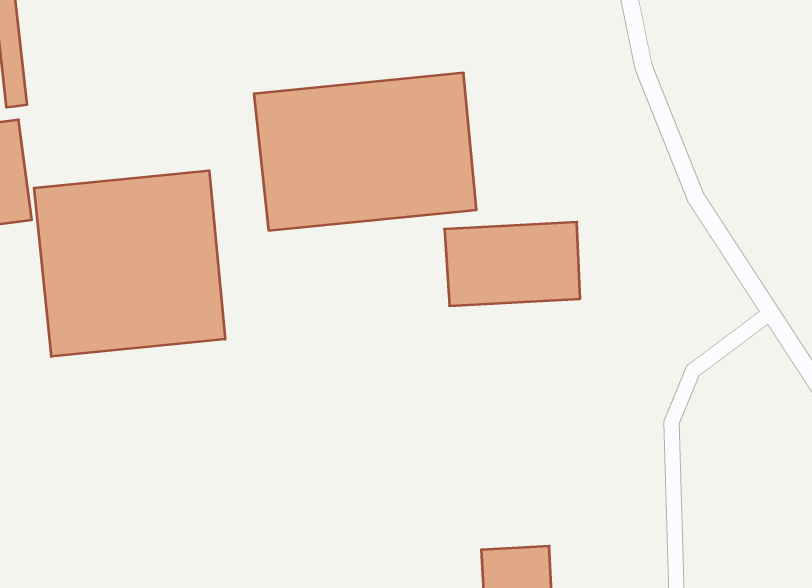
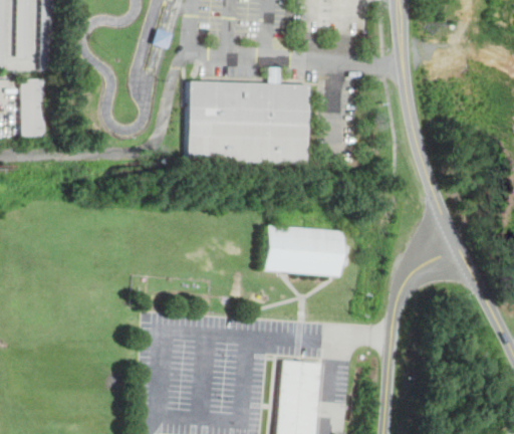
building: [34,171,225,357] -> none
building: [444,222,580,306] -> [265,225,344,275]

